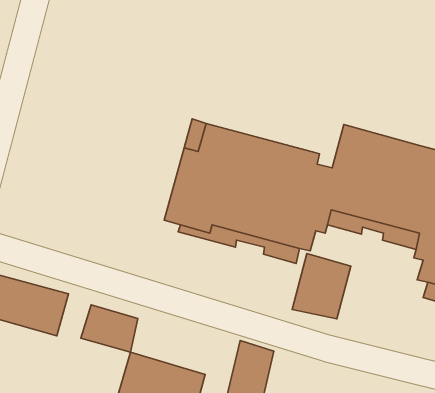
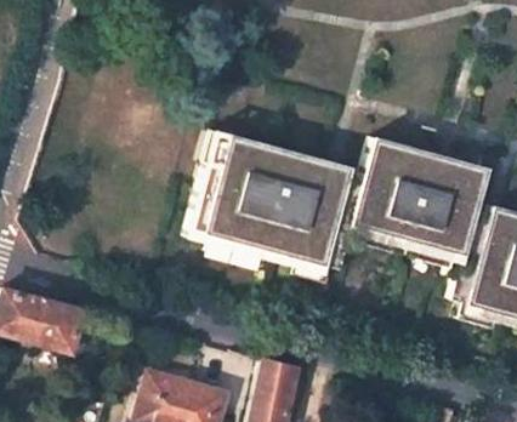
building: [292,253,351,319] -> none
building: [81,305,138,352] -> none

